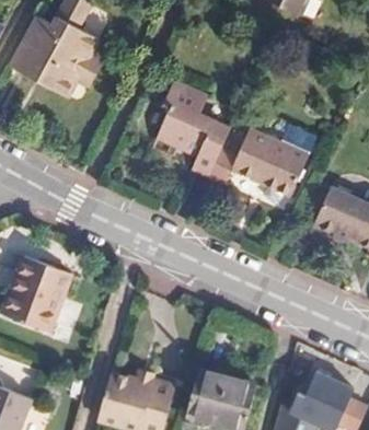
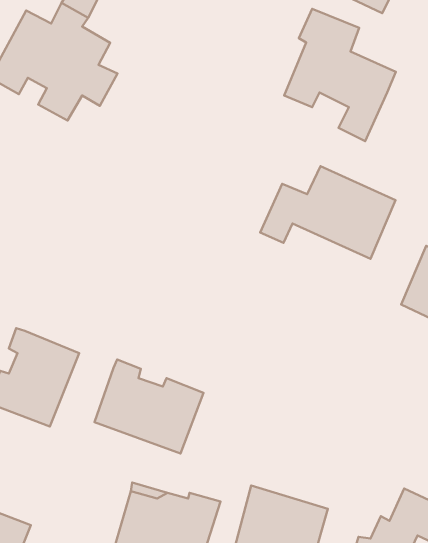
building: [147,81,230,179] -> [284,9,396,141]
building: none -> [94,359,204,454]

